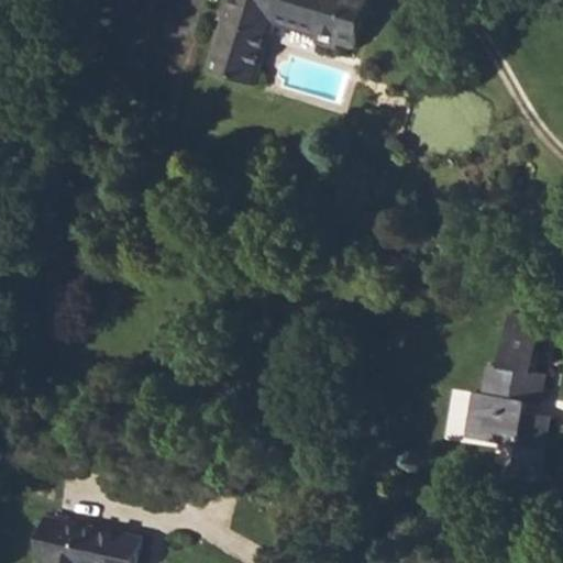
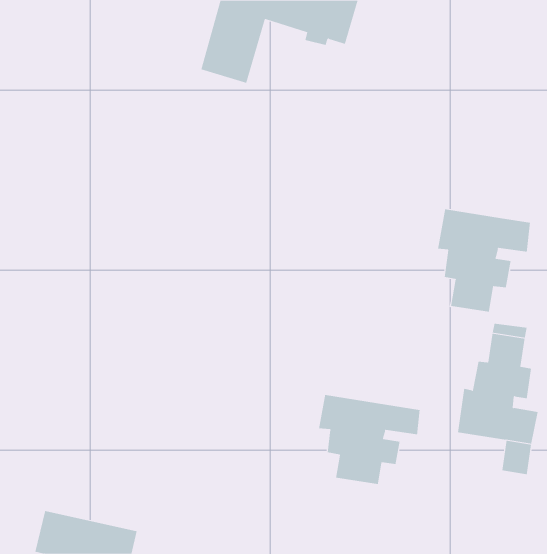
building: none -> [438,209,530,313]
building: none -> [319,394,420,485]

